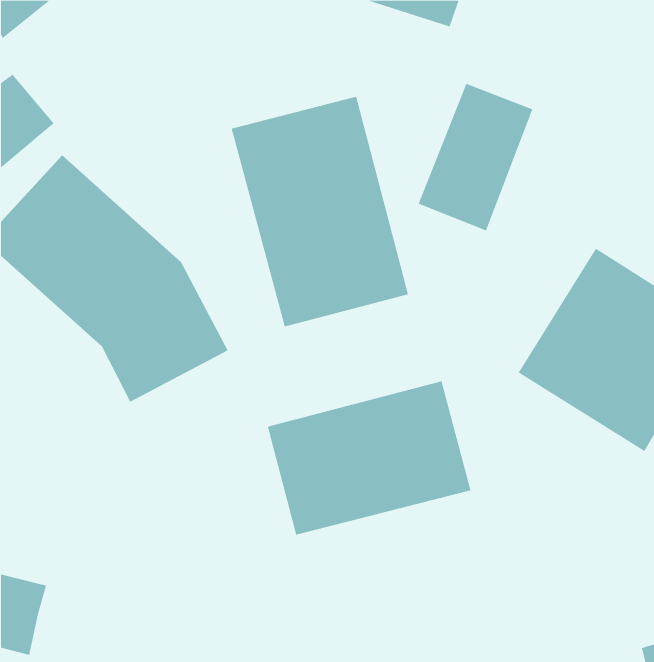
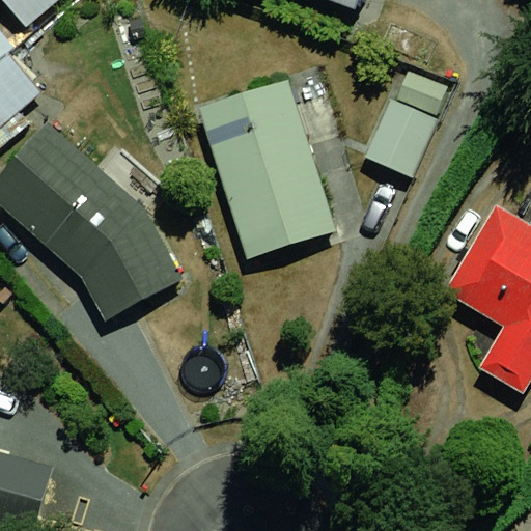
building: [267,380,471,535] -> none

